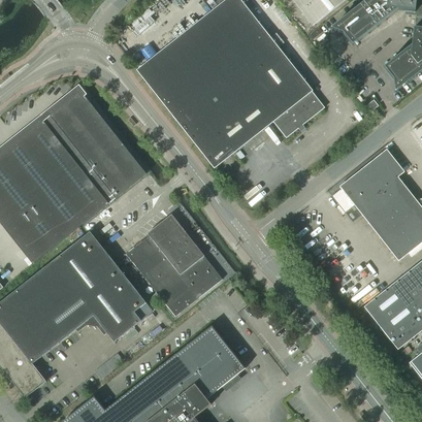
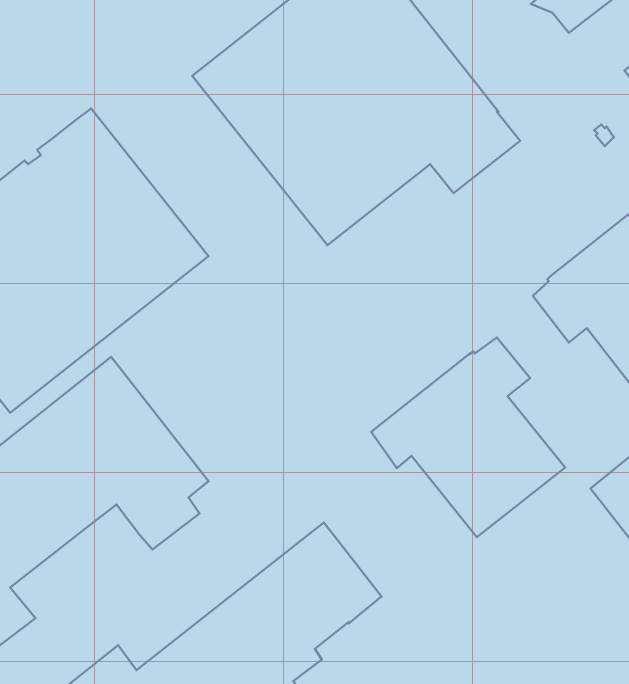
building: [126,214,222,315] -> none
building: none -> [371,337,565,537]

